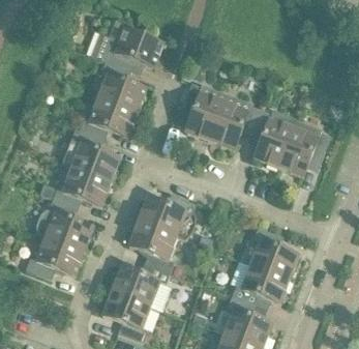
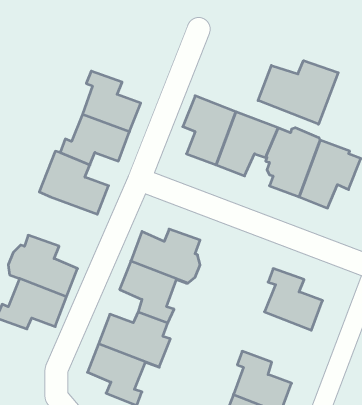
building: [103,21,162,72] -> none
building: none -> [258,61,338,124]
building: [52,169,110,210] -> none
building: [229,261,289,309] -> none

